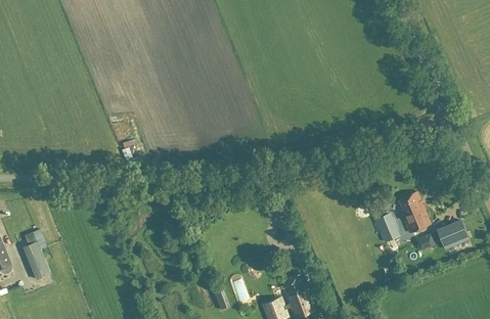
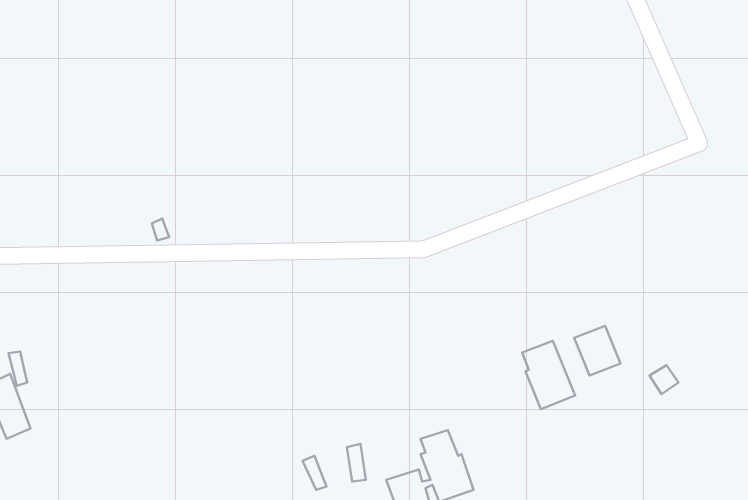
building: [398,191,430,232] -> [522,341,575,409]
building: [437,220,469,248] -> none

